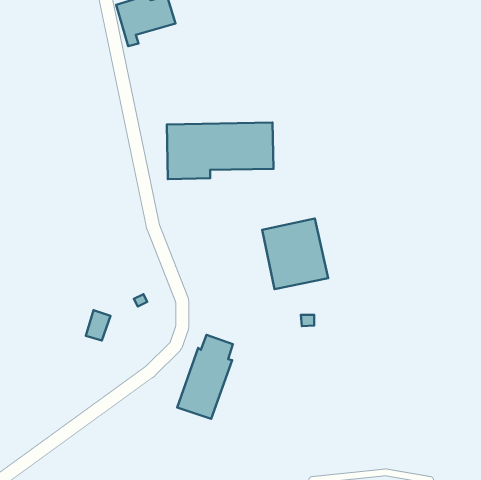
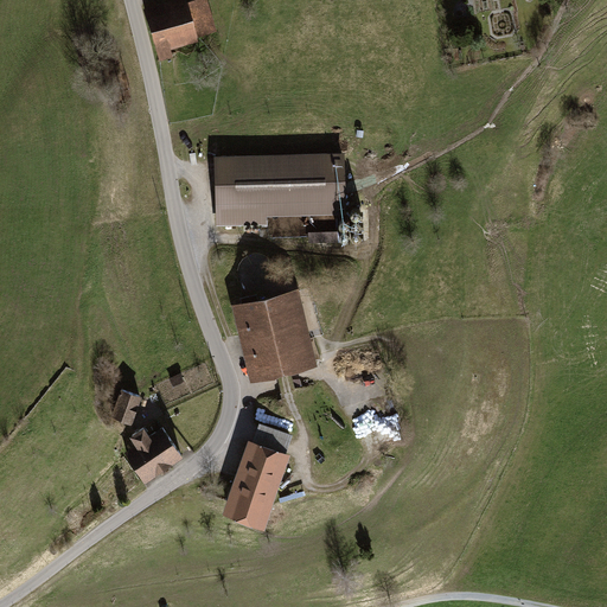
building: [262,219,328,289] -> [234,293,317,382]
building: none -> [120,429,180,486]

